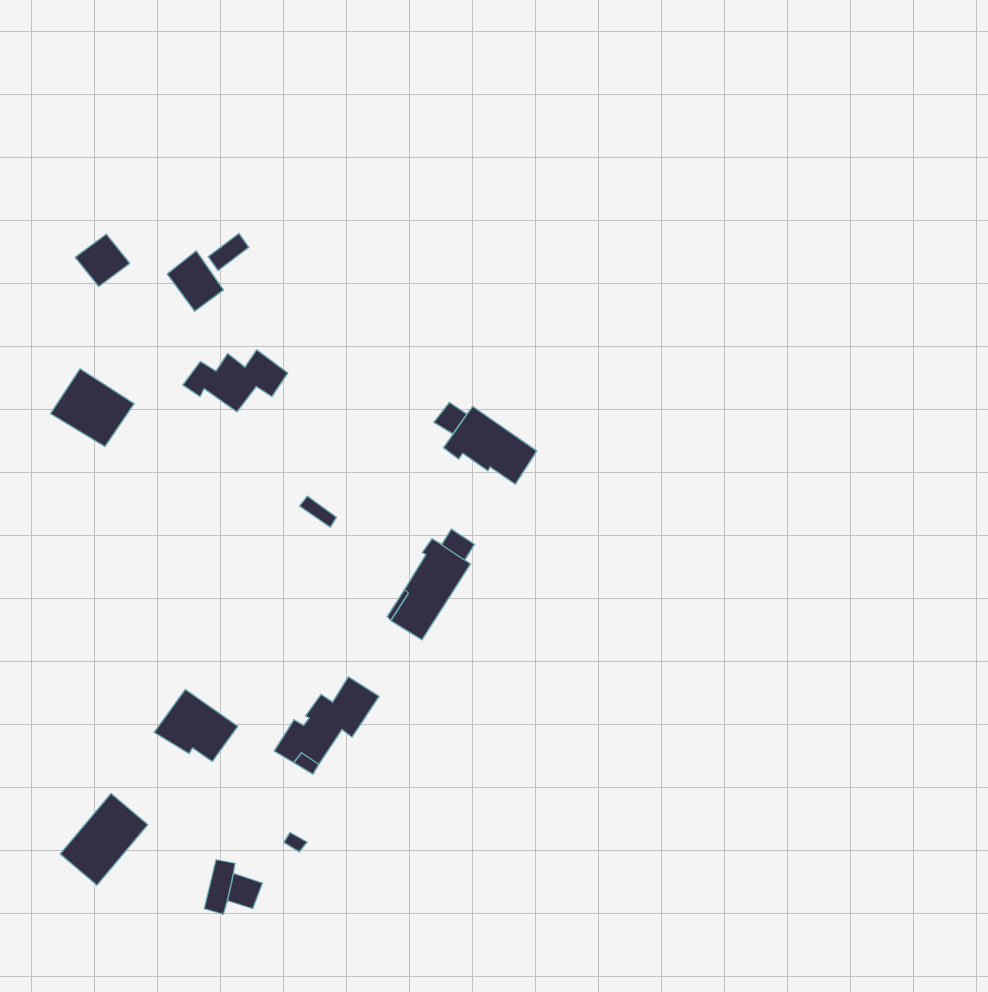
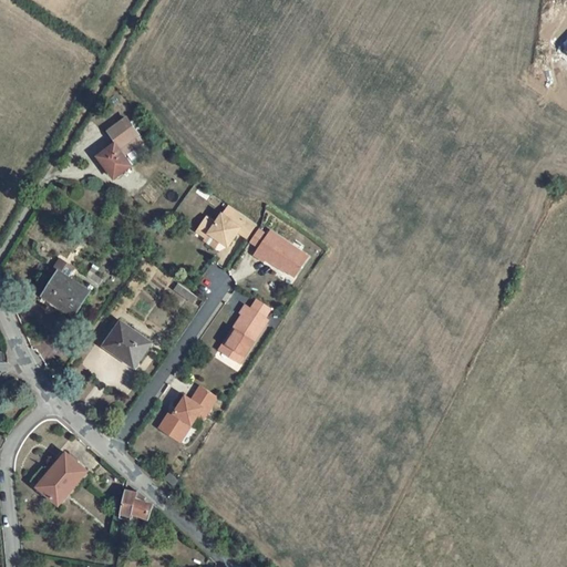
building: [75,234,130,287] -> [105,116,136,146]
building: [183,350,288,412] -> [194,210,254,246]
building: [51,369,134,447] -> [40,270,87,315]
building: [154,689,238,761] -> [101,321,148,362]

